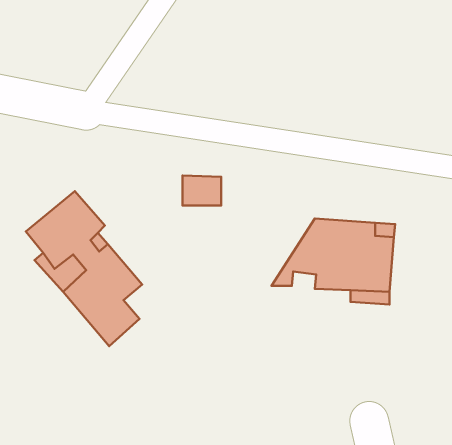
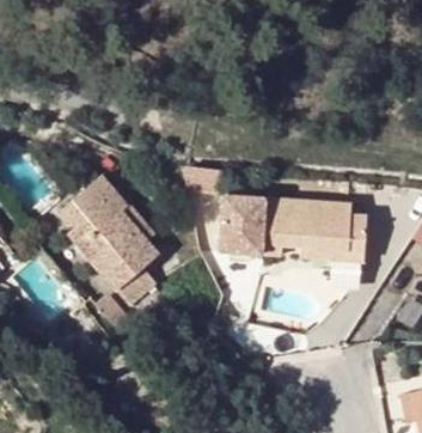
building: none -> [232,196,301,264]

